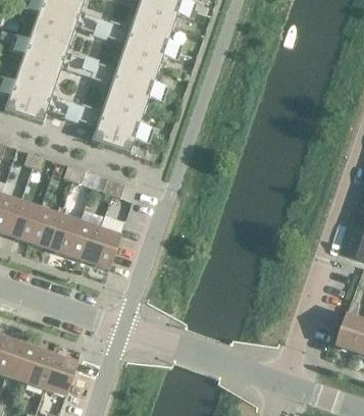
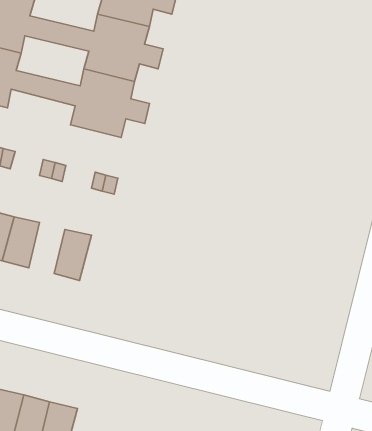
building: [48,213,79,254] -> none
building: [87,226,119,268] -> none

